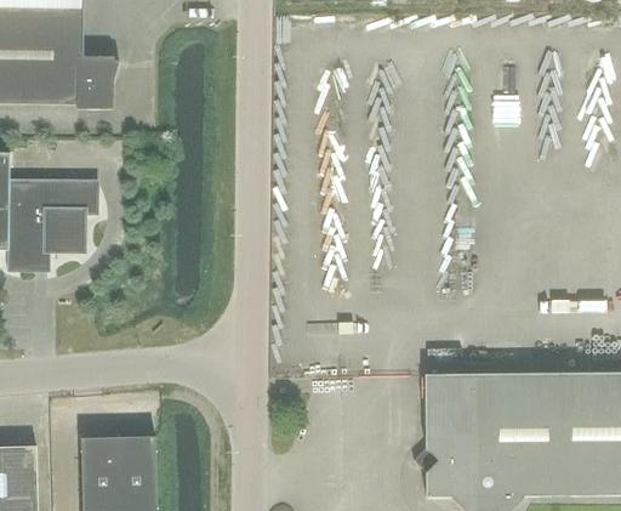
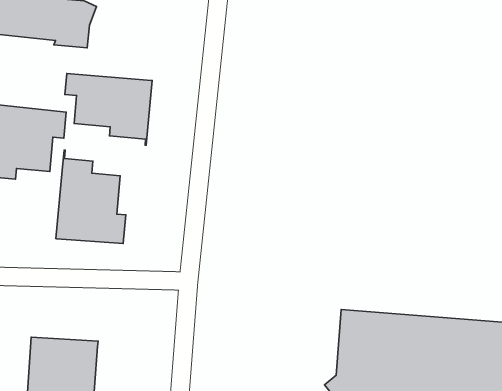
building: none -> [65,74,152,145]
building: none -> [56,150,126,244]

